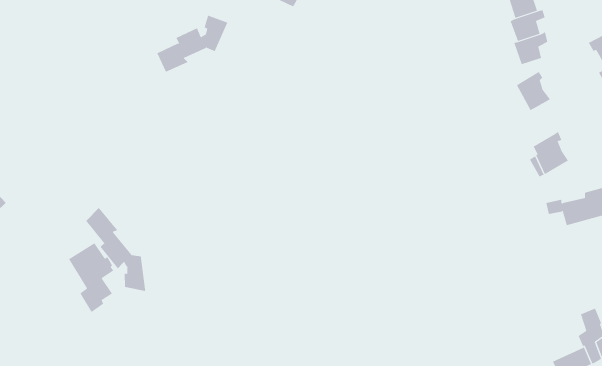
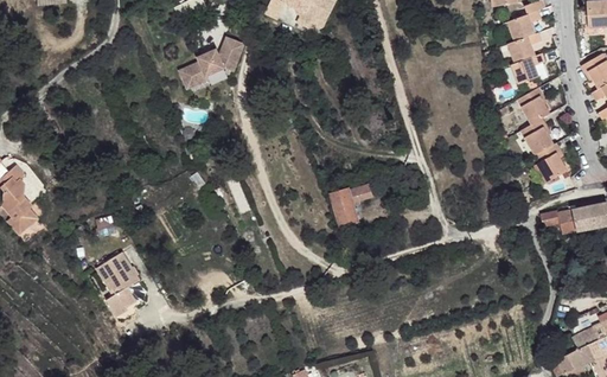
building: none -> [517,121,551,160]
building: none -> [331,184,368,226]
building: [86,207,146,292] -> none

